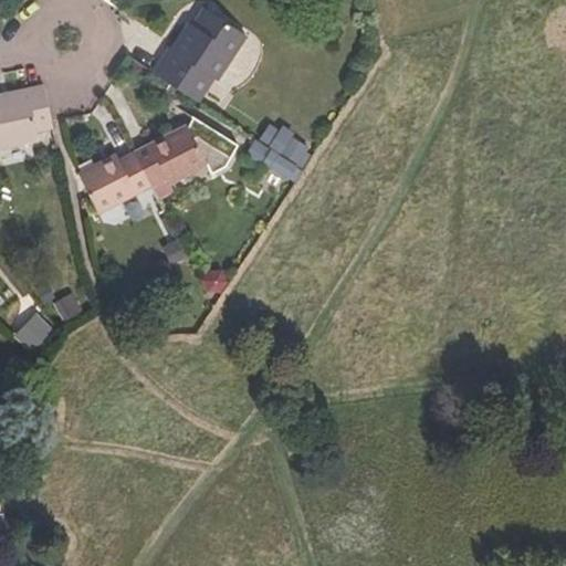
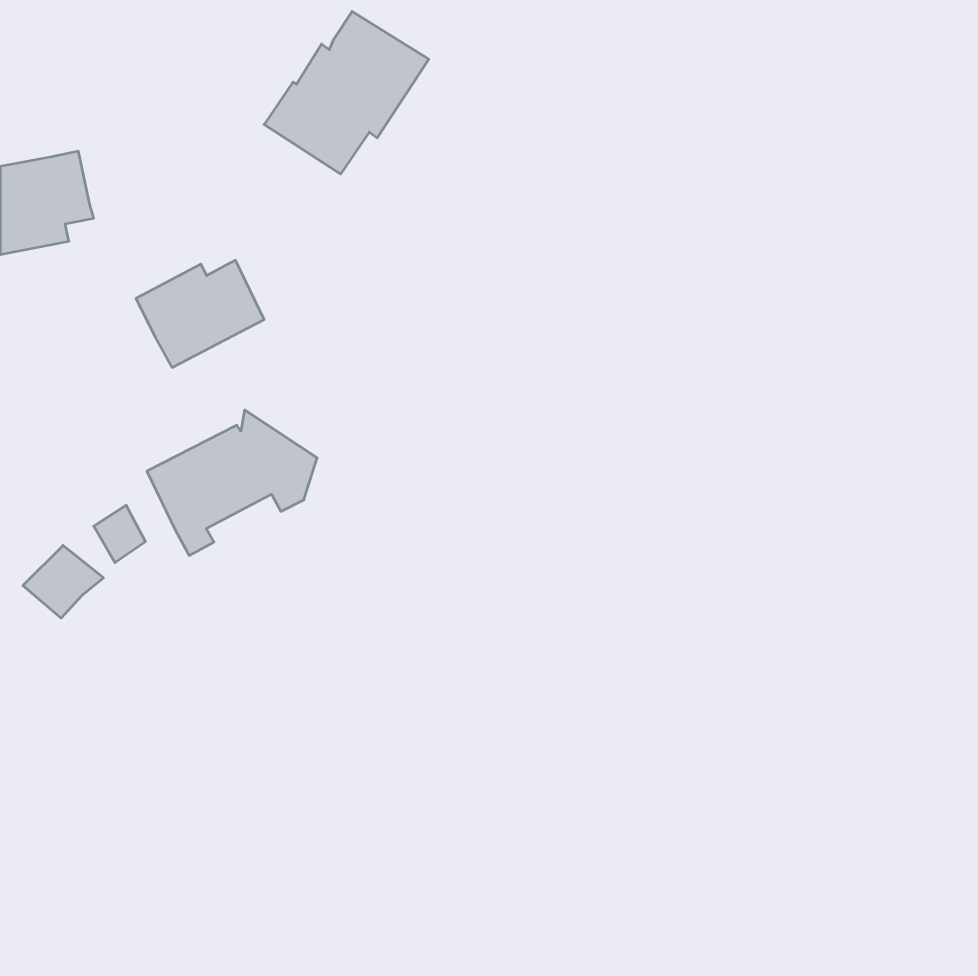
building: [136,115,234,199] -> [147,410,317,555]
building: [244,119,312,182] -> none

